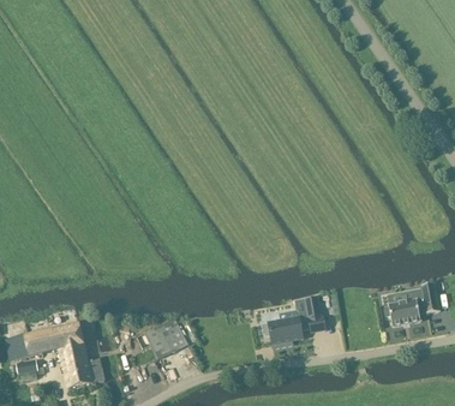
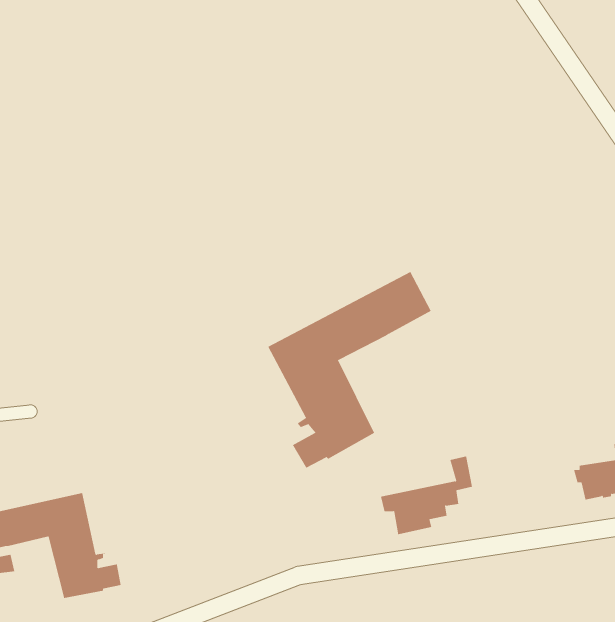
building: none -> [267,271,432,469]
building: [144,317,187,359] -> none

